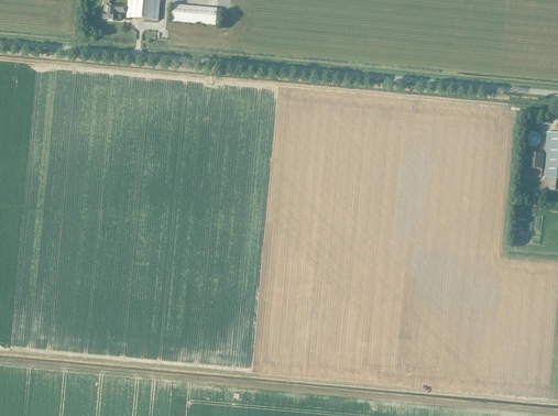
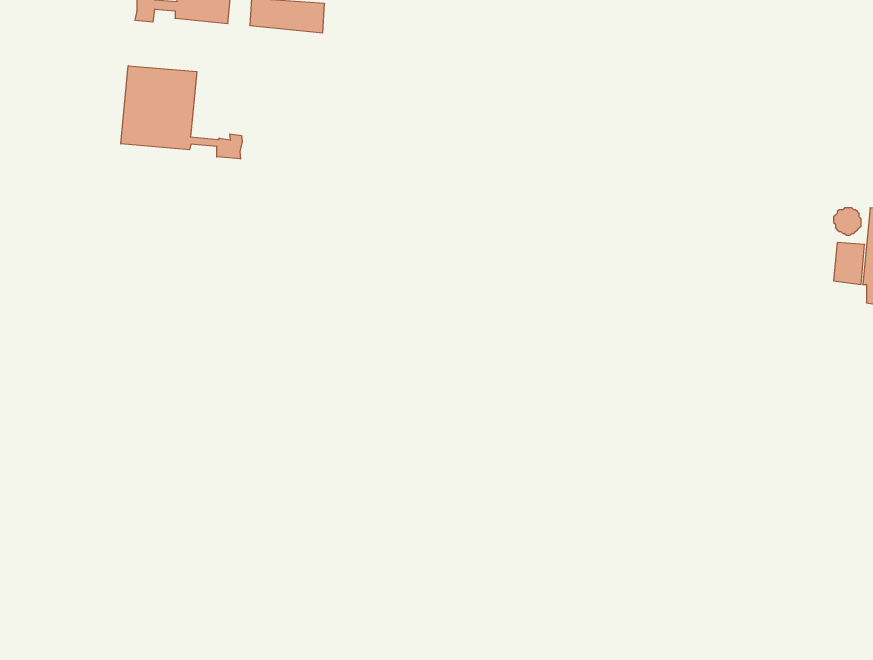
building: none -> [121,66,242,159]

